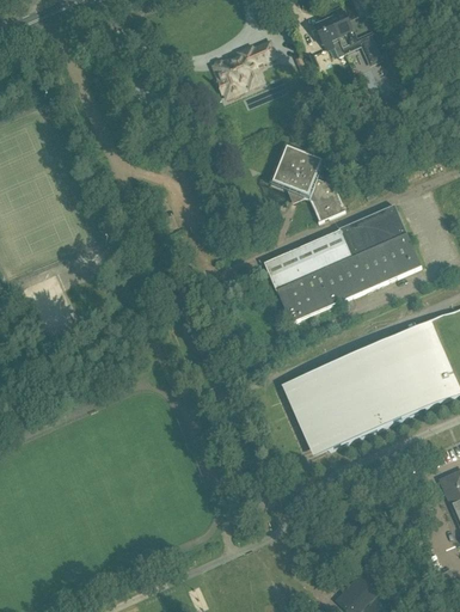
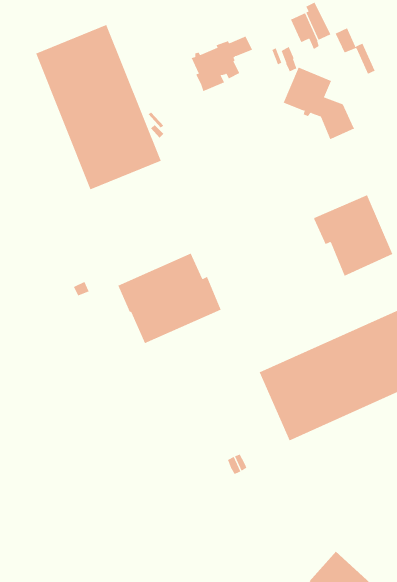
building: none -> [36,24,161,190]
building: [271,146,345,221] -> [283,67,355,140]
building: [264,228,370,322] -> [118,253,222,344]

